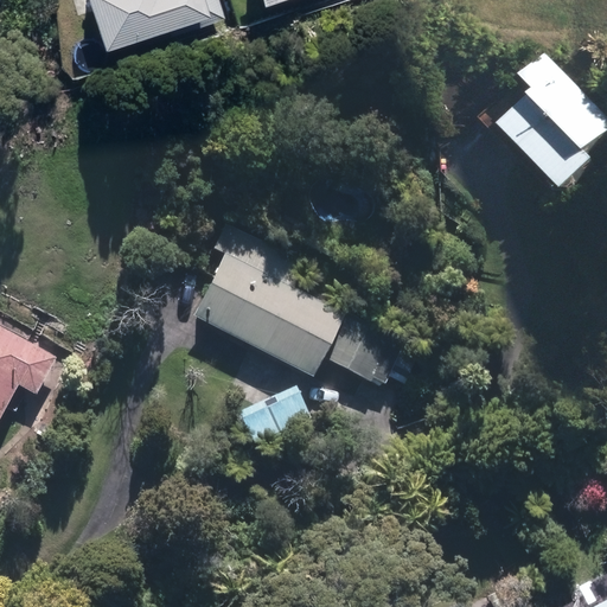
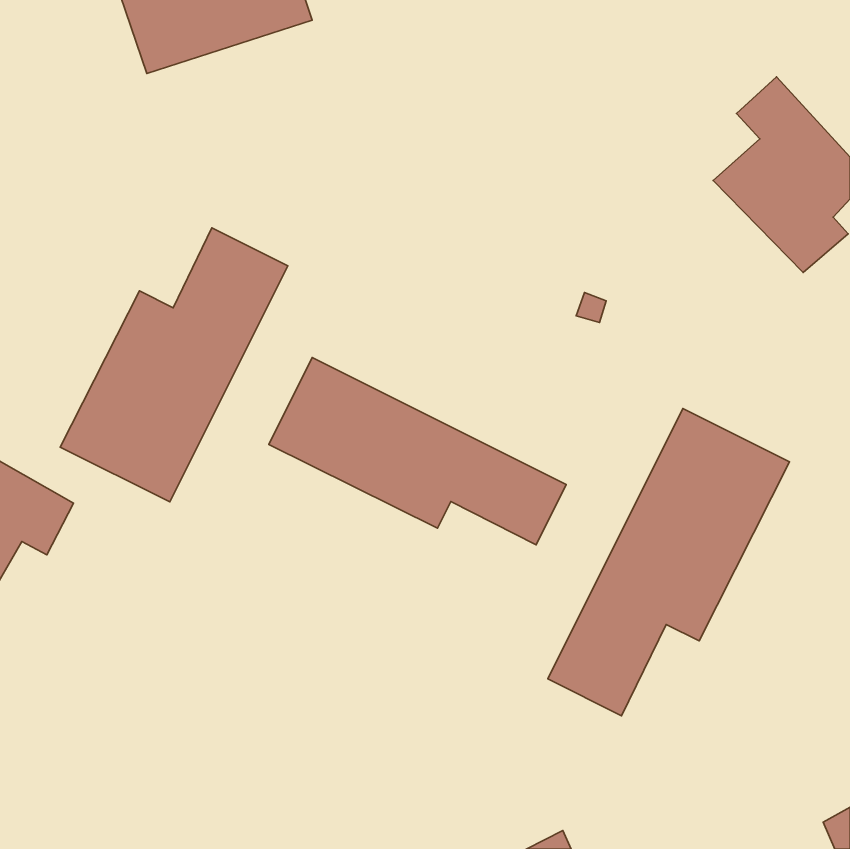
building: none -> [60,228,288,502]
building: none -> [548,409,789,716]

